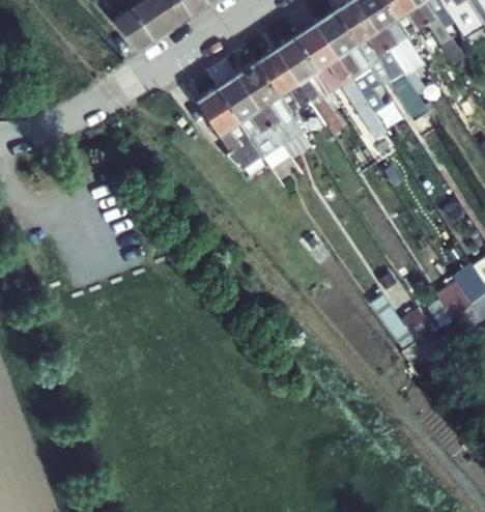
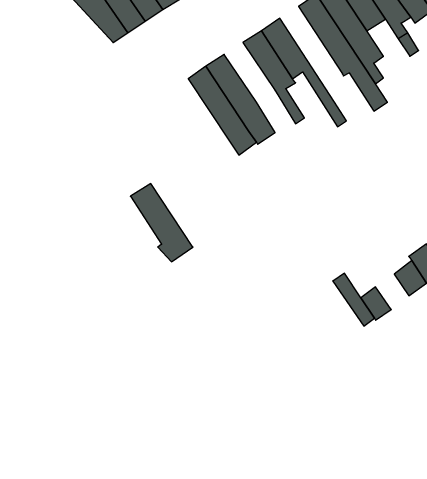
building: [316,10,386,112] -> none
building: [257,49,311,112] -> none
building: [197,87,263,170] -> [130,184,193,262]

